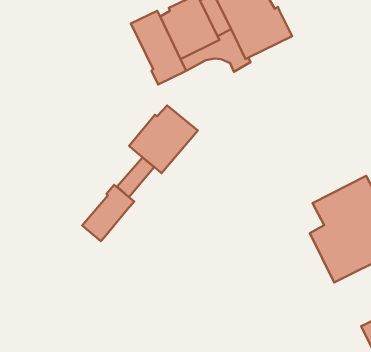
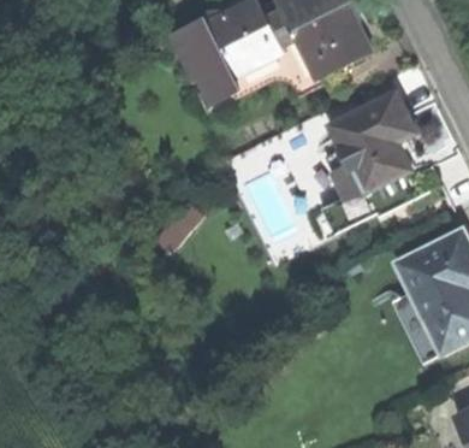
building: none -> [320,88,438,226]
building: [129,105,198,173] -> none
building: [82,185,134,241] -> none

